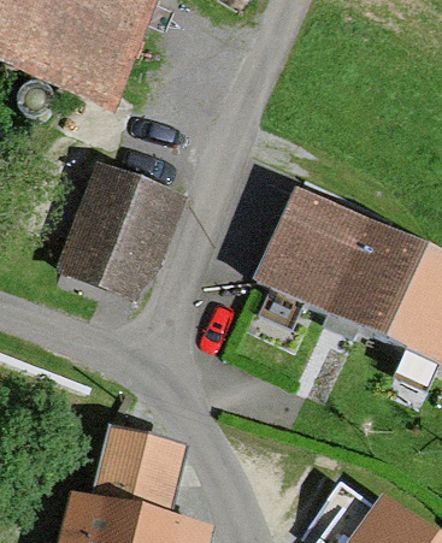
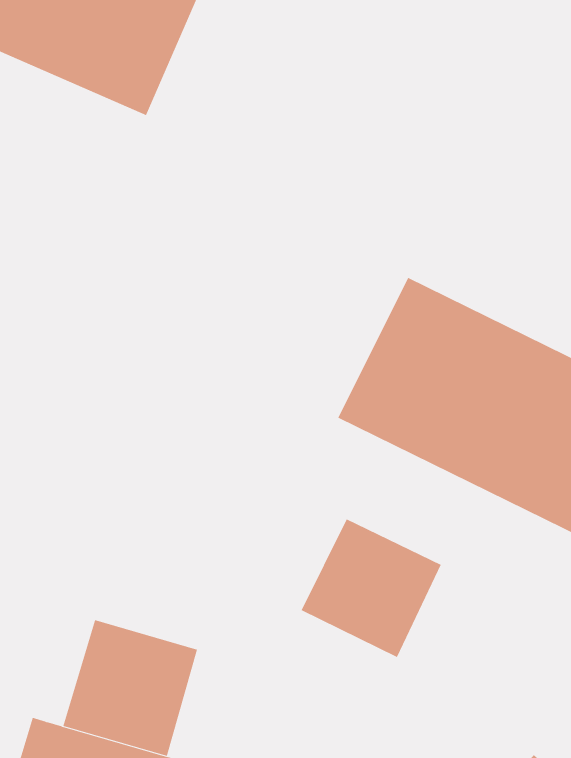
building: [79,165,187,299] -> none
building: none -> [301,518,442,658]

